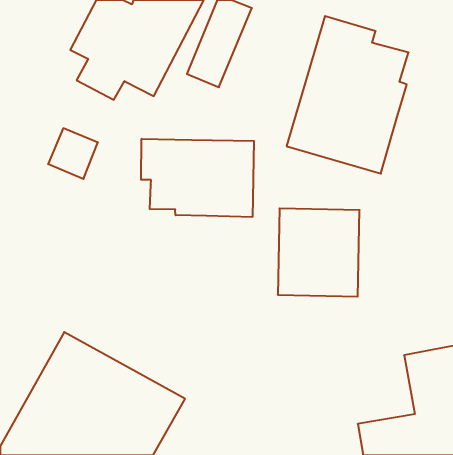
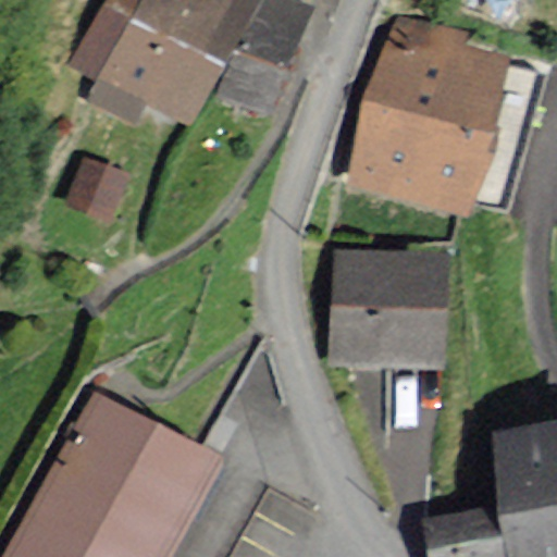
building: [141,139,254,217] -> none

